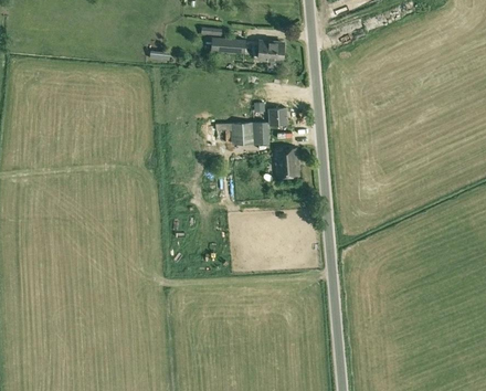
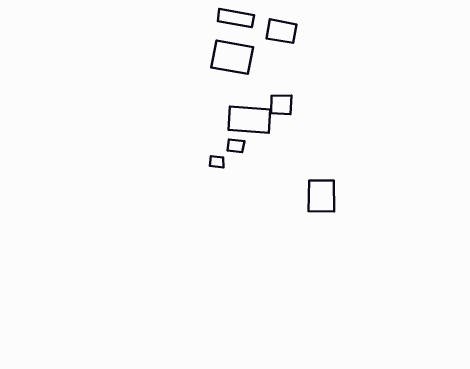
building: none -> [211,41,253,74]
building: [275,149,300,179] -> [308,180,334,211]

